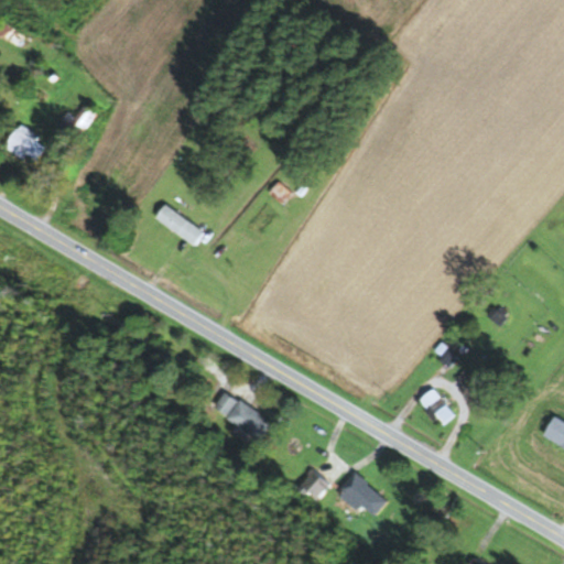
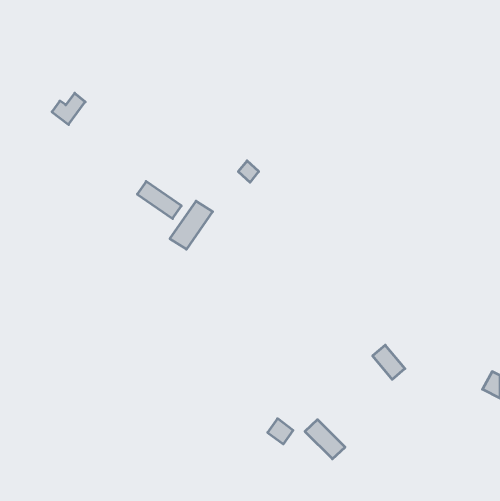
building: [4,126,55,167] -> none
building: none -> [170,201,213,249]
building: [214,390,272,441] -> none

